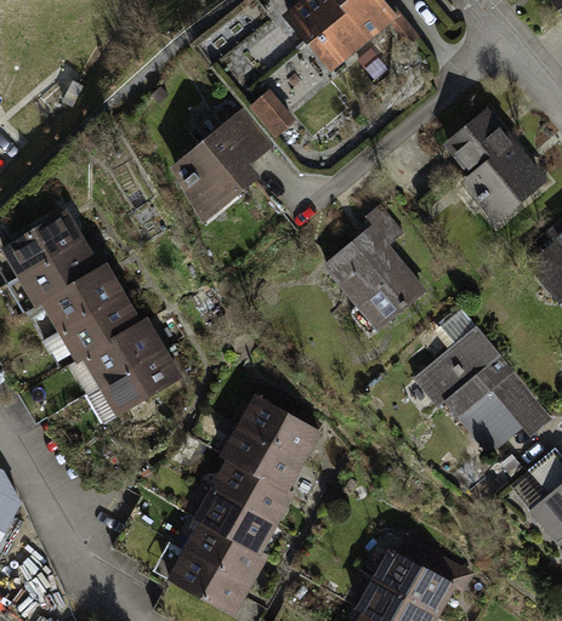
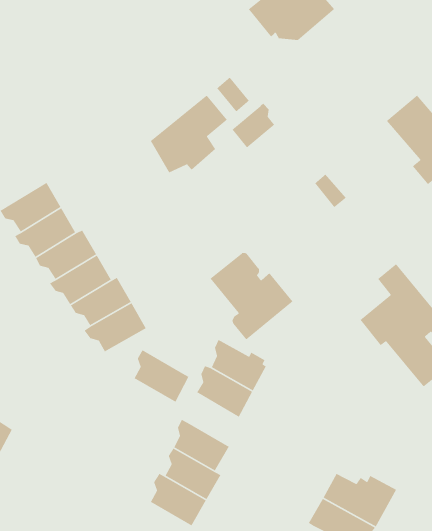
building: none -> [231,103,275,148]
building: [327,234,424,336] -> [209,252,294,341]
building: [221,457,285,519] -> [134,349,189,403]

